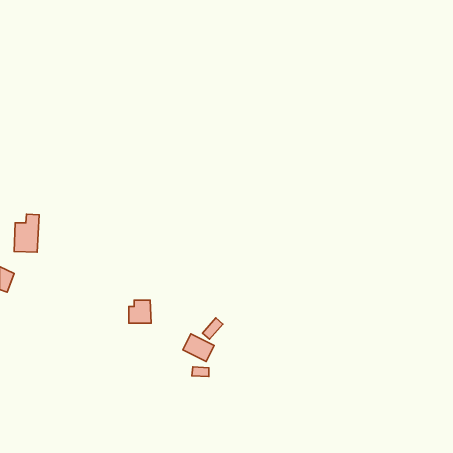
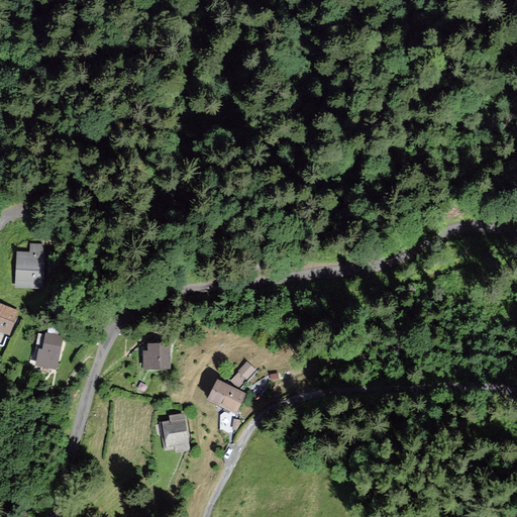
building: none -> [35,333,62,368]
building: none -> [161,414,188,450]

